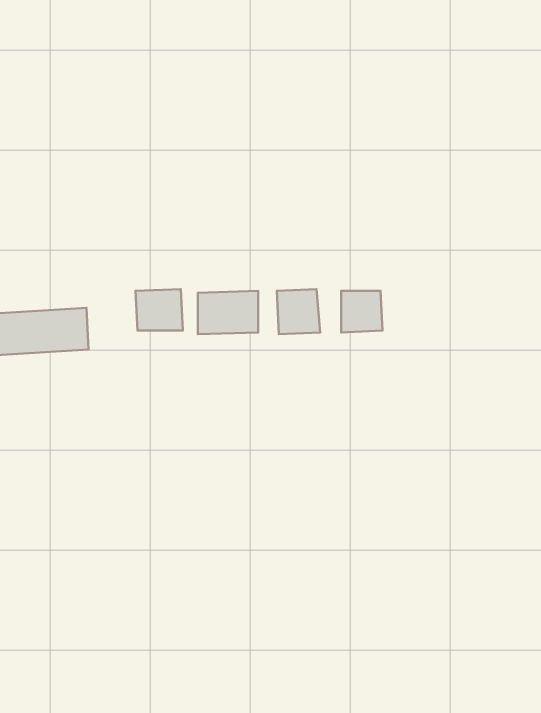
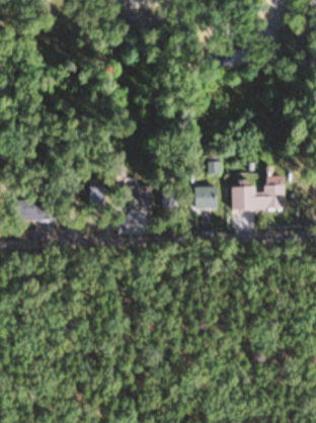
building: none -> [231,185,283,210]

